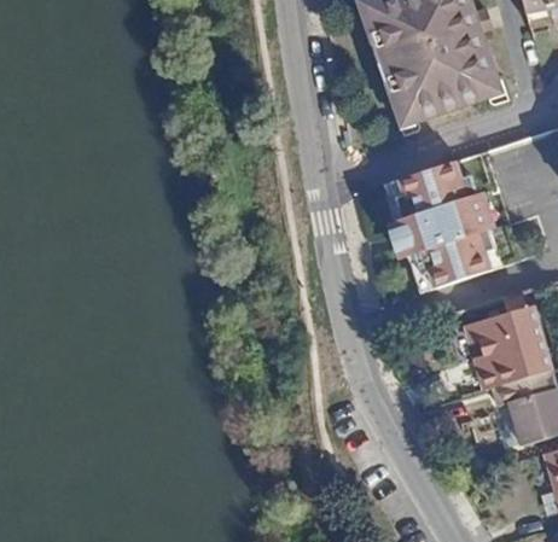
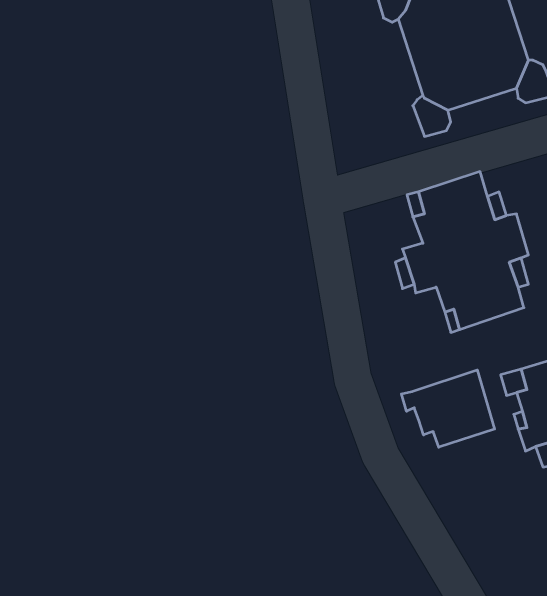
building: none -> [401,370,495,447]

